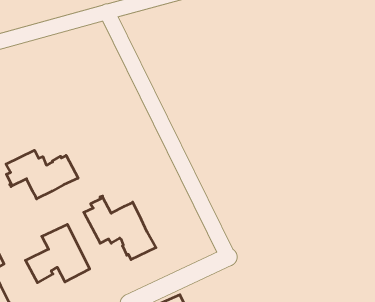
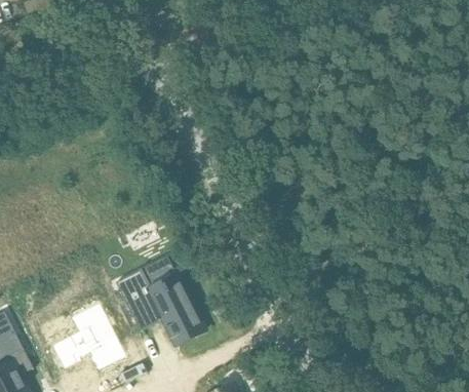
building: [6,150,78,199] -> none

